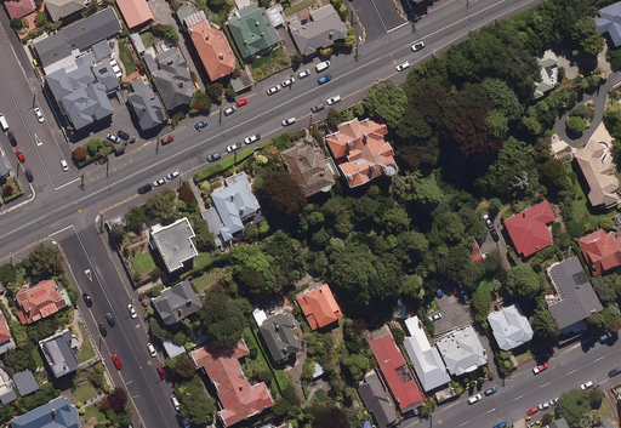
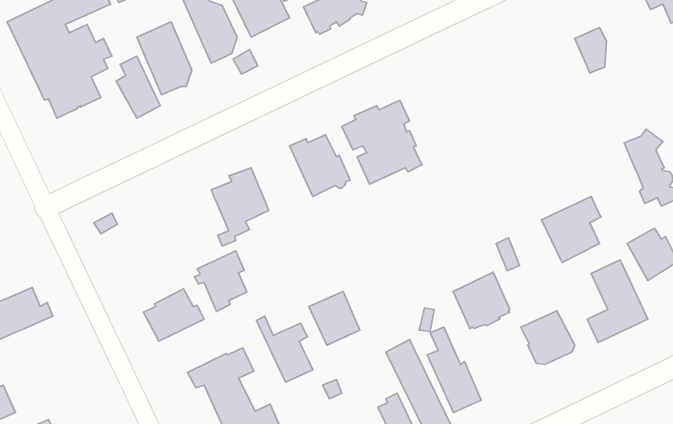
building: [149,218,195,272] -> [195,251,247,311]
building: [433,323,483,372] -> [453,272,510,329]
building: [39,330,79,378] -> none

